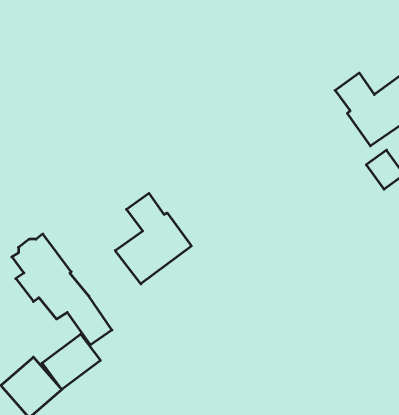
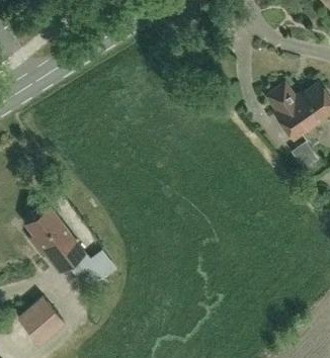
building: [115,193,191,284] -> none
building: [42,334,100,389] -> none

